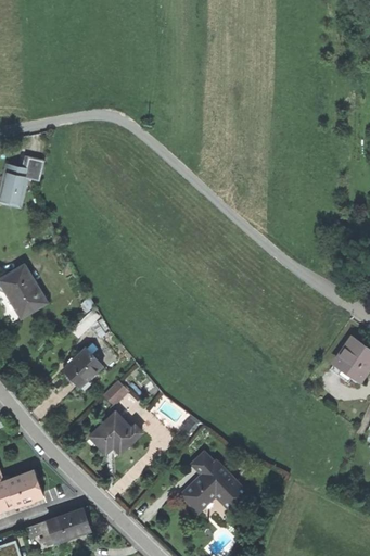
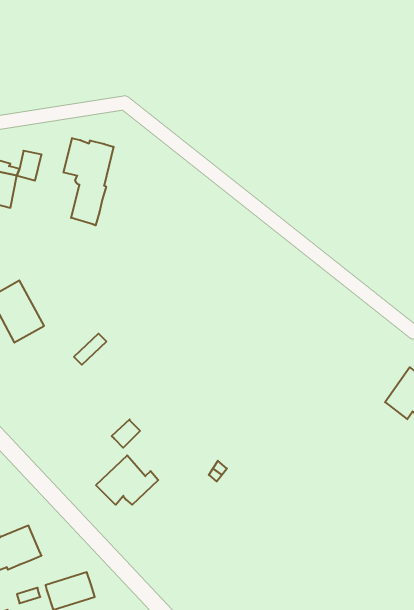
building: none -> [63,138,114,225]
building: [63,348,102,387] -> none
building: [182,453,252,513] -> none

